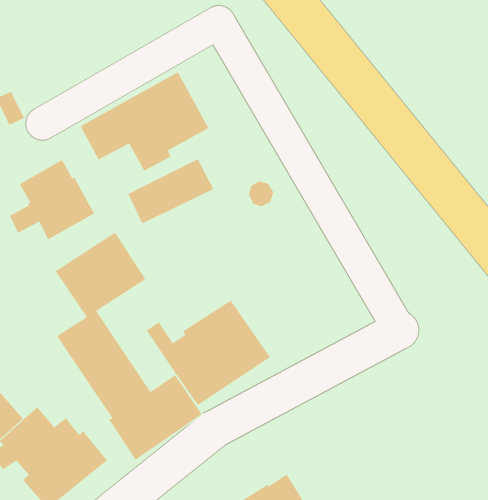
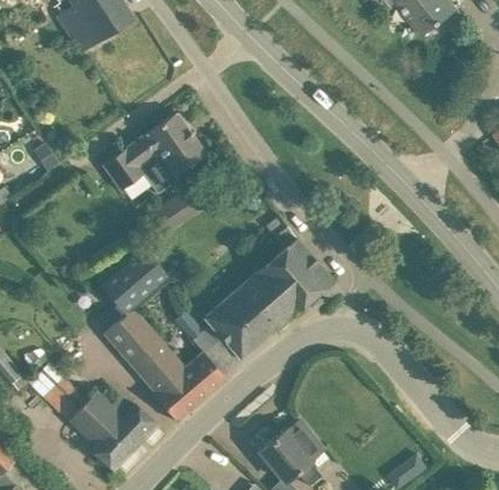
building: [9,159,95,240] -> none
building: none -> [238,216,332,329]

